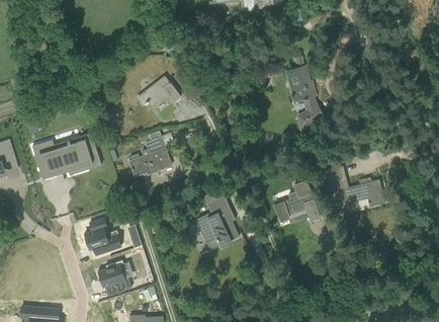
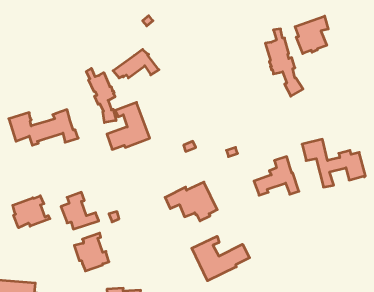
building: none -> [295,16,328,54]
building: none -> [86,68,116,123]
building: none -> [13,196,50,228]
building: none -> [192,236,250,281]

